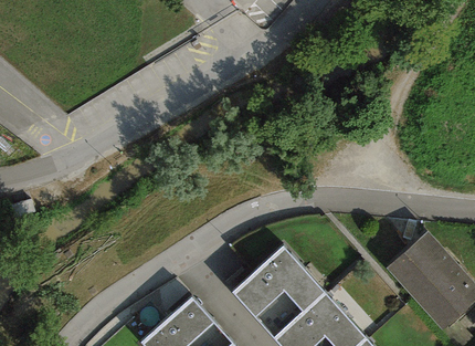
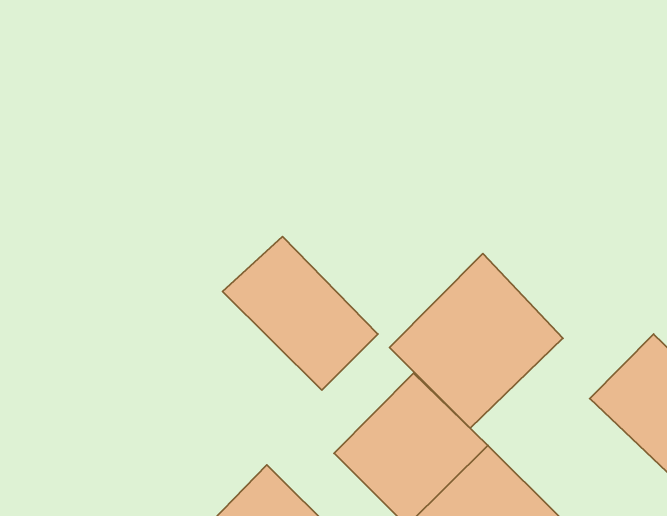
building: none -> [223,237,378,390]
building: none -> [390,254,563,428]

